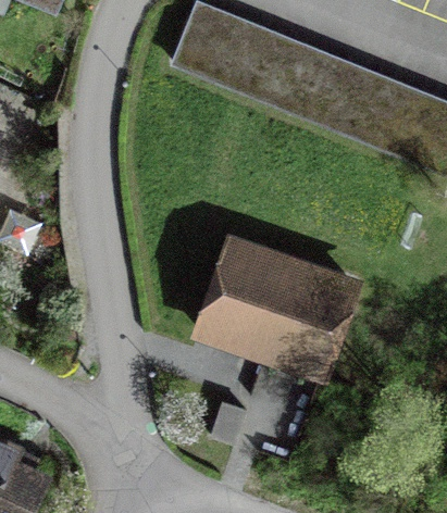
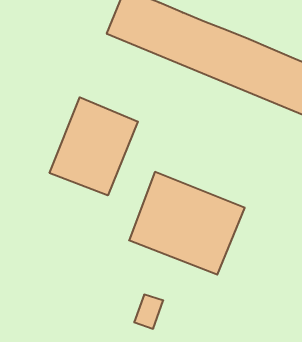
building: none -> [50,97,138,195]

